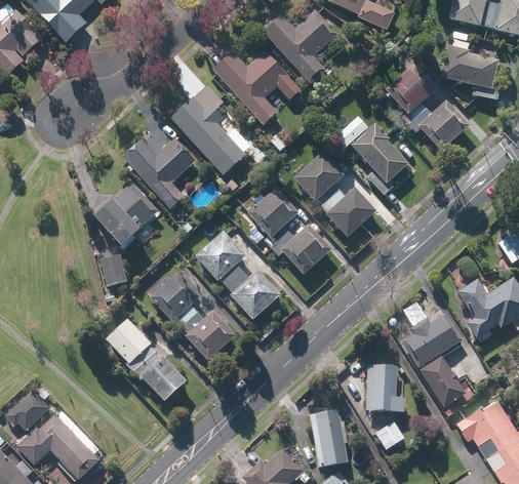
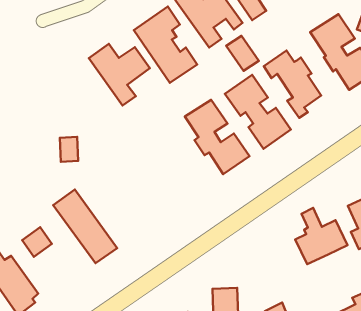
building: none -> [226,36,259,71]
building: [90,180,160,249] -> none
building: [195,230,282,321] -> none
building: [148,271,236,361] -> none
building: [418,354,467,407] -> none
building: [365,365,405,413] -> none
building: none -> [22,227,52,257]

